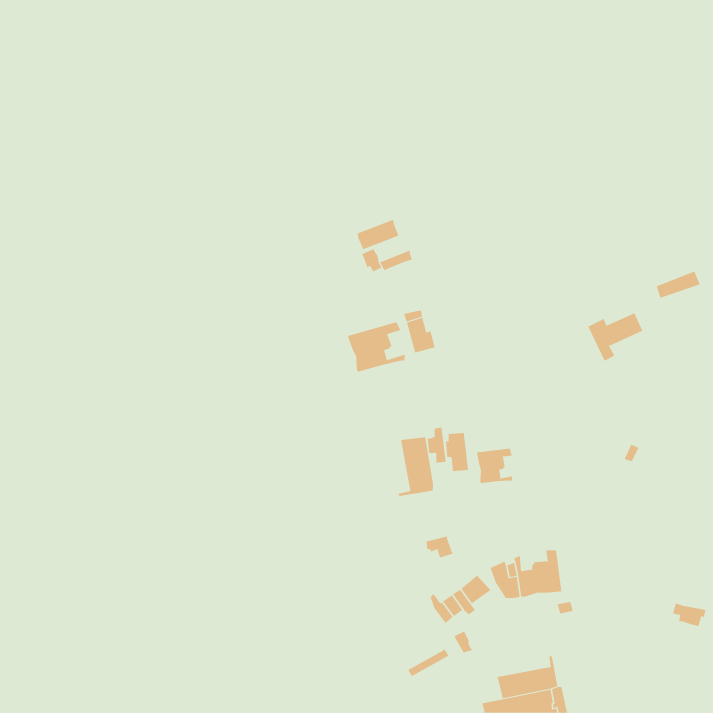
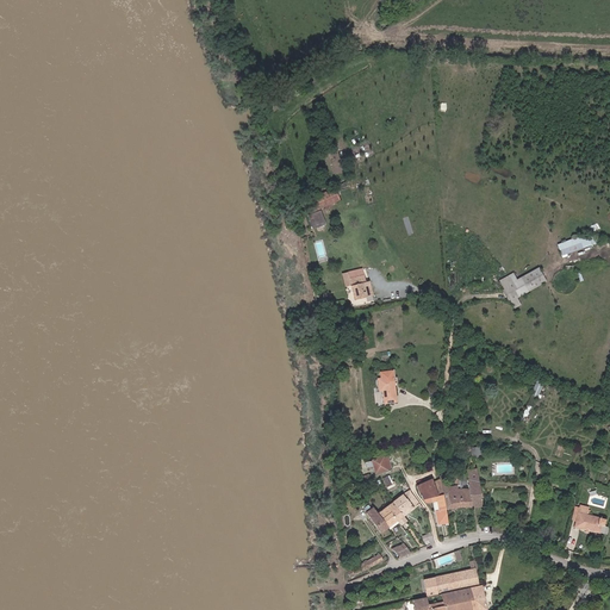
building: [347,321,405,372] -> none
building: [398,437,433,497] -> none
building: [477,448,513,484] -> none

